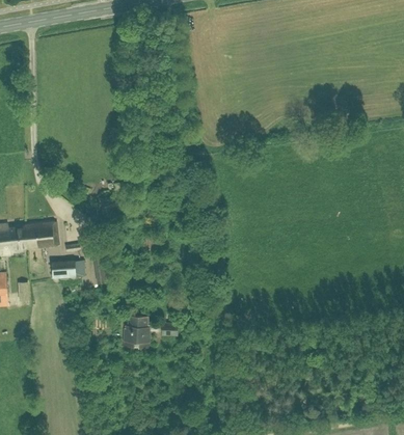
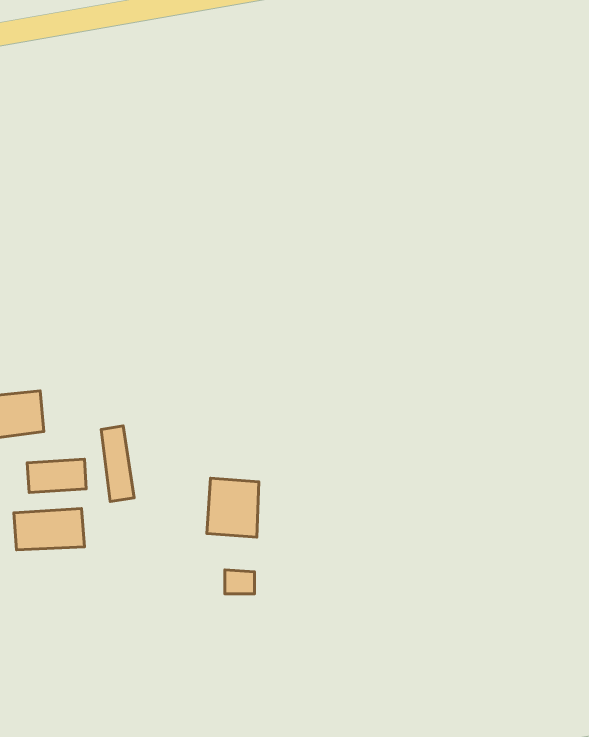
building: none -> [14,509,85,550]
building: [123,315,152,348] -> [207,478,259,537]

